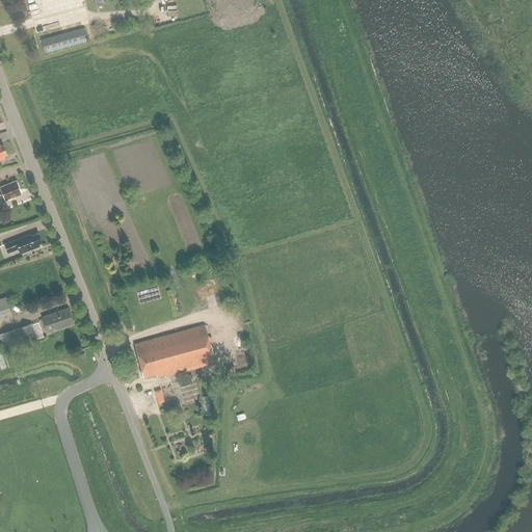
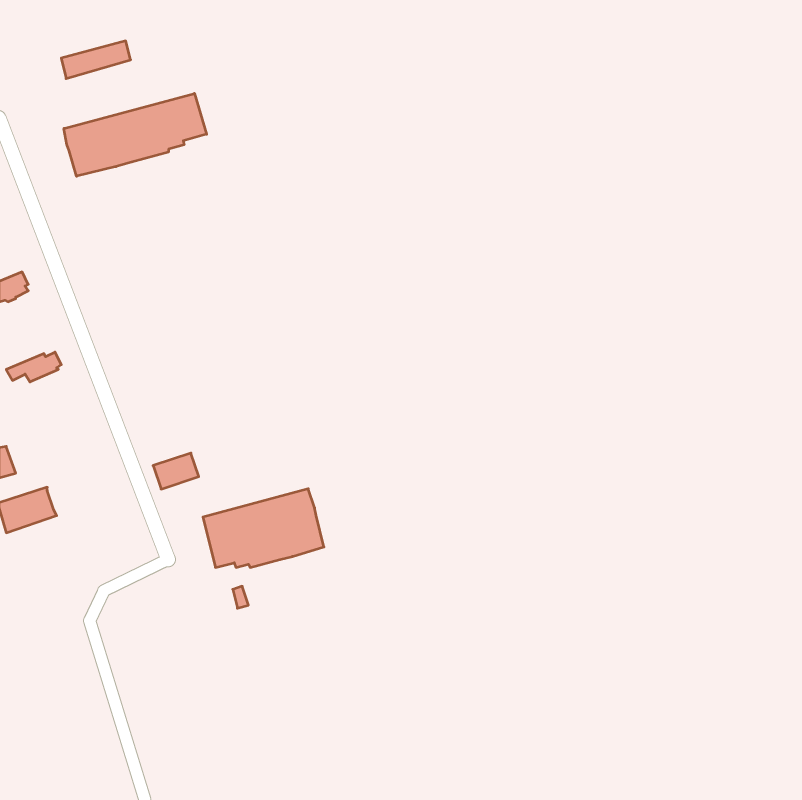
building: none -> [64,93,207,176]
building: [42,307,72,330] -> [153,453,199,489]

